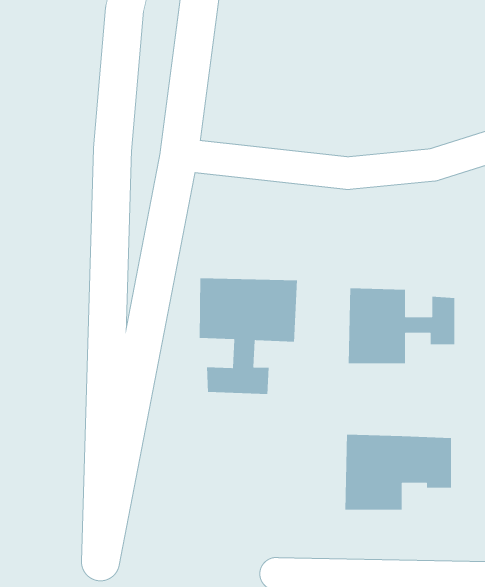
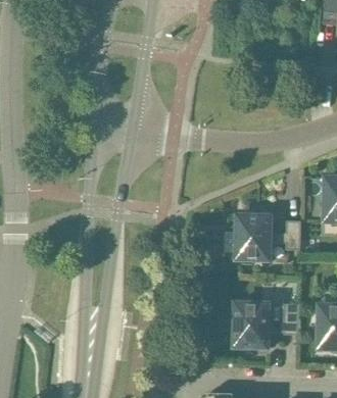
building: [199,277,298,395] -> none

